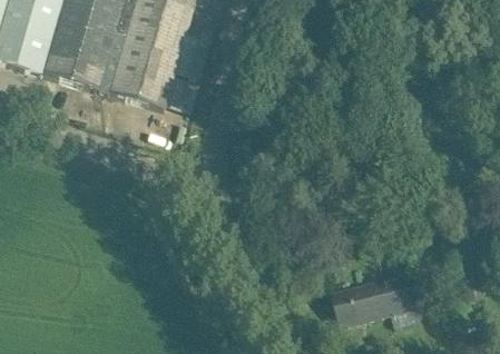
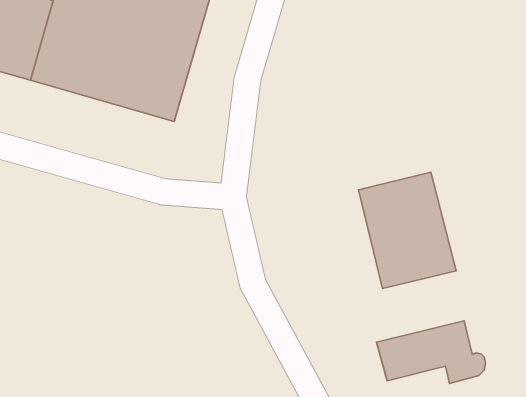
building: none -> [358,172,456,289]

